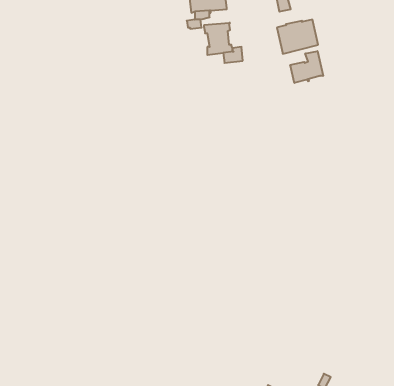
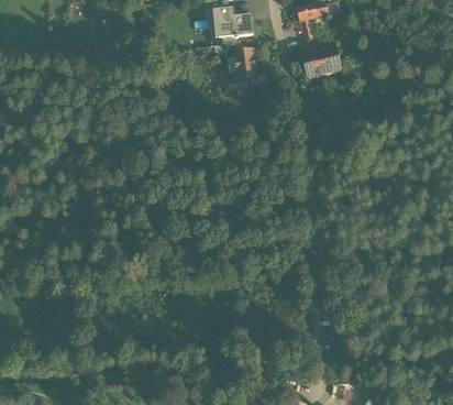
building: [290,51,323,83] -> none

